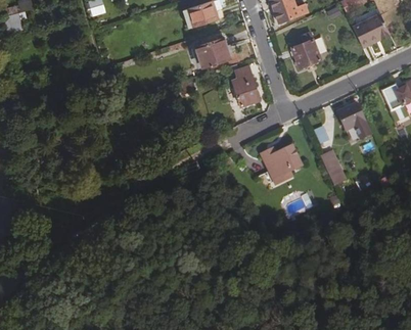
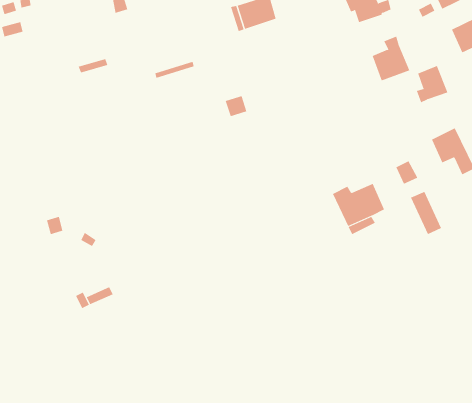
building: [194,37,230,67] -> none
building: none -> [416,65,448,103]
building: [232,66,260,106] -> none

